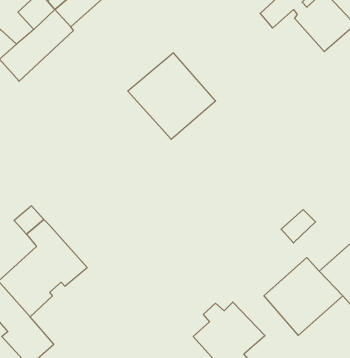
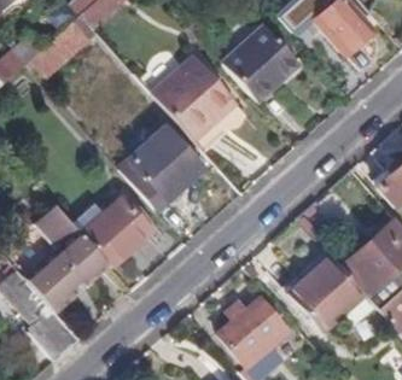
building: none -> [225,21,304,100]
building: none -> [122,128,202,207]
building: none -> [76,193,153,263]

